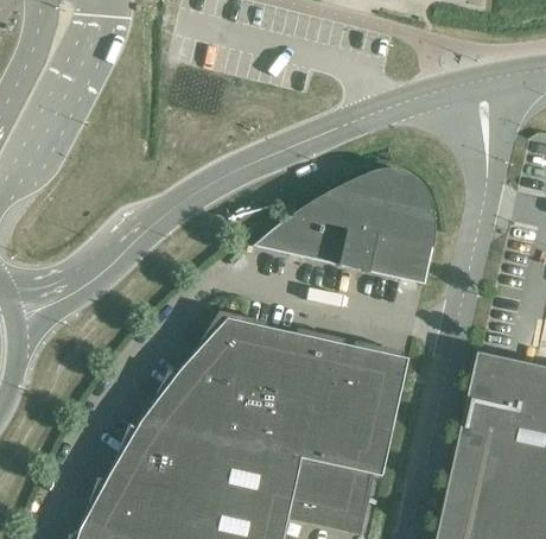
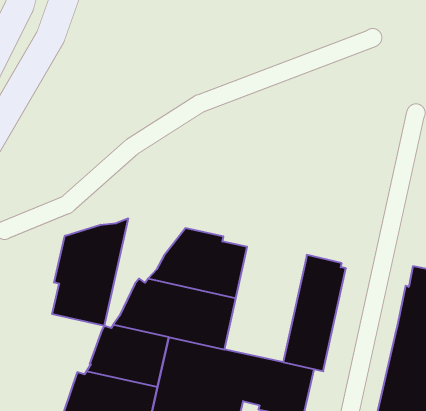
building: [253,170,434,286] -> none
building: none -> [52,218,128,326]
building: [267,330,362,468] -> none

